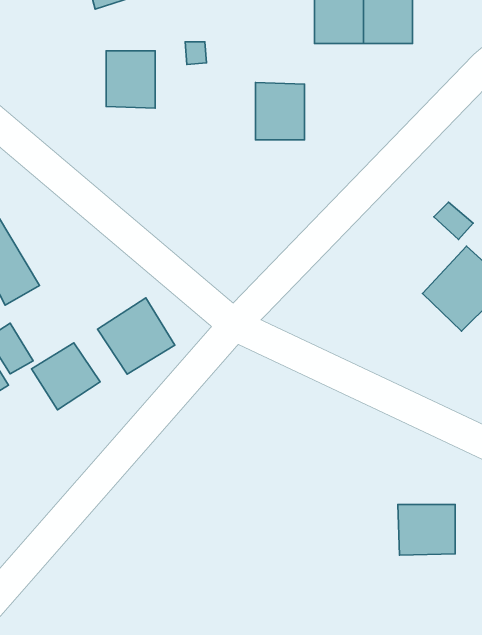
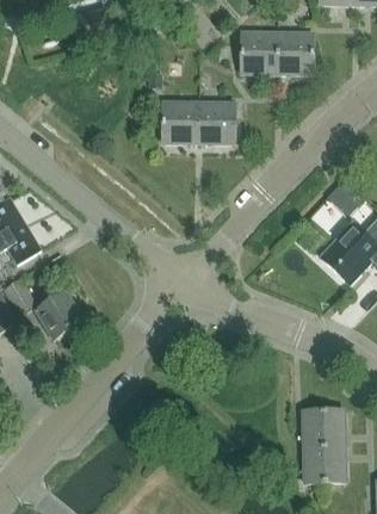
building: [106,51,155,108] -> [162,101,198,143]
building: [98,298,175,374] -> none
building: none -> [303,445,345,482]

